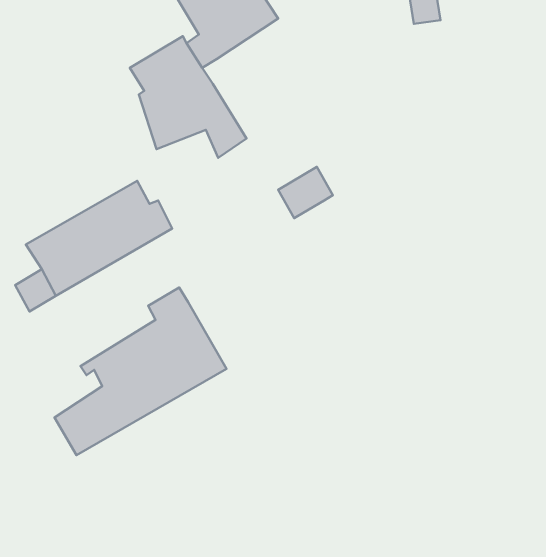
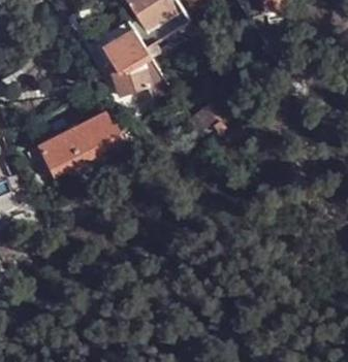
building: [55,287,226,455] -> none

